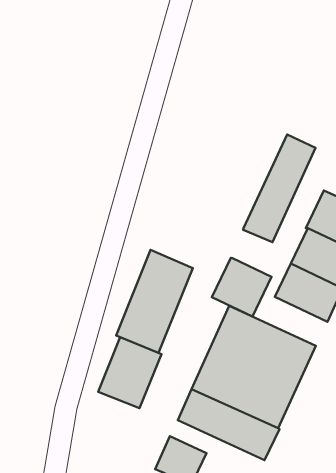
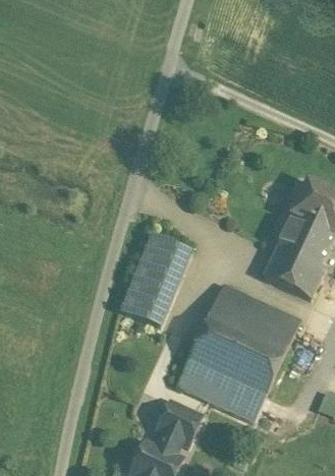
building: [243,134,315,242] -> none
building: [212,258,271,317] -> none
building: [98,338,161,408] -> none

